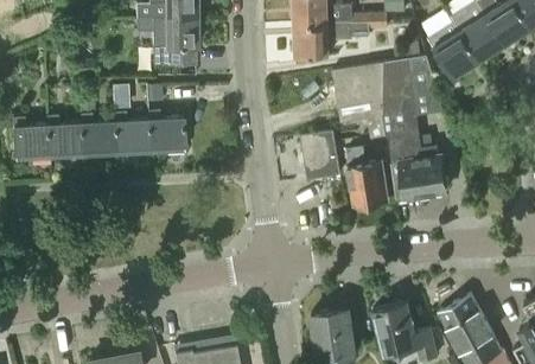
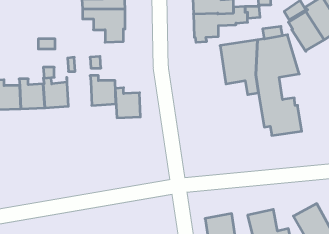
building: [114,113,149,155] -> [115,88,140,118]
building: [300,129,340,180] -> none
building: [348,147,387,205] -> none

